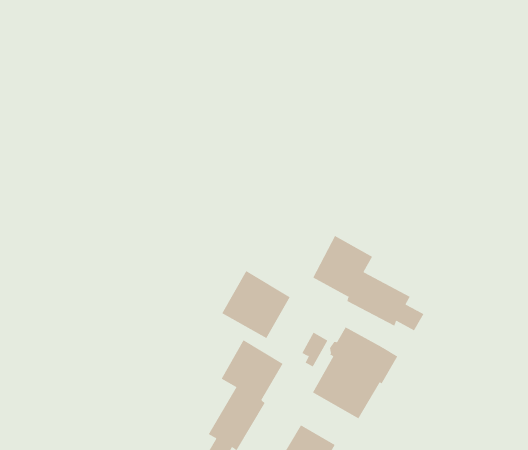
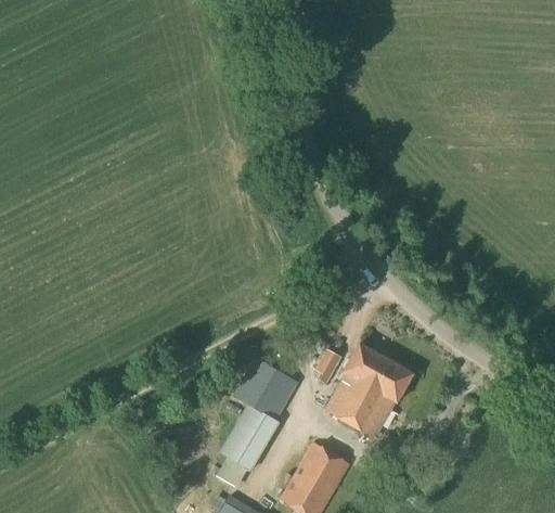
building: [312,235,424,331] -> none
building: [222,270,291,339] -> none

